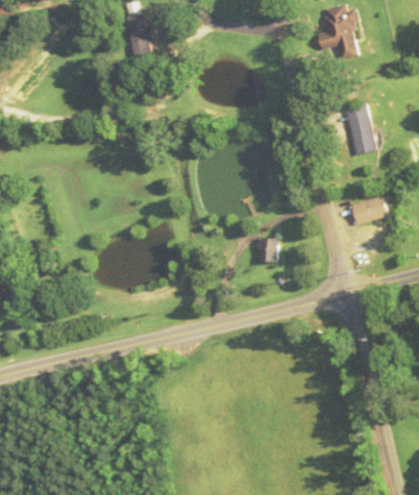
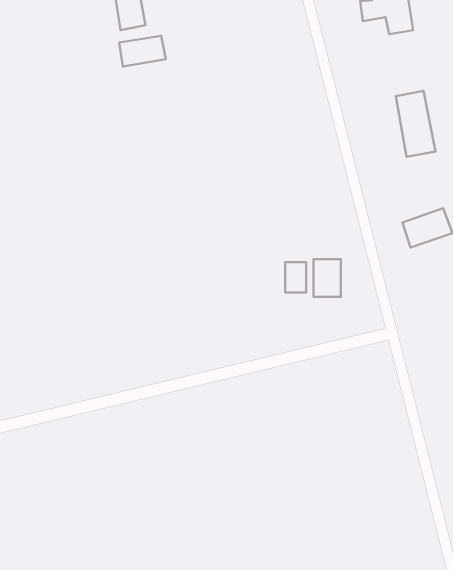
building: none -> [119,36,166,66]
building: none -> [313,259,341,297]

